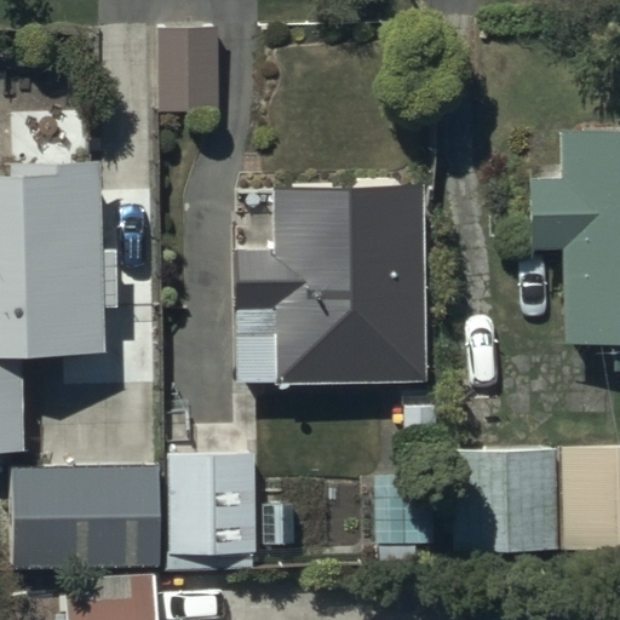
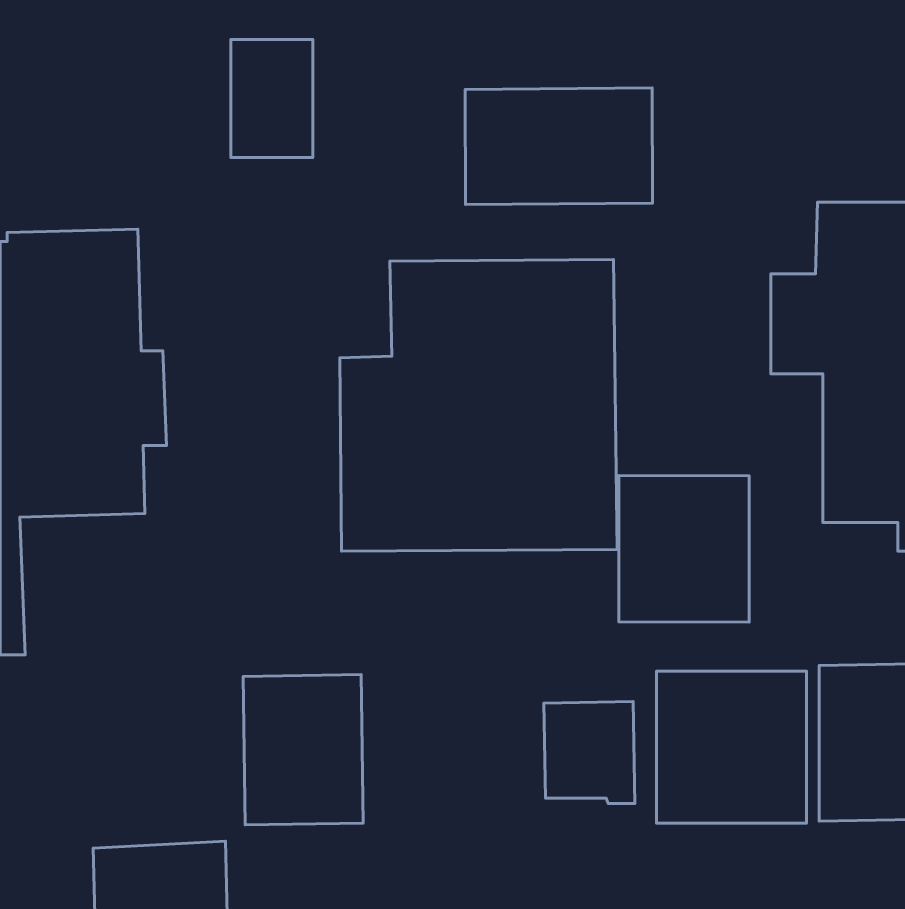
building: none -> [465,88,653,205]
building: none -> [619,475,749,622]
building: [13,464,160,567] -> none

